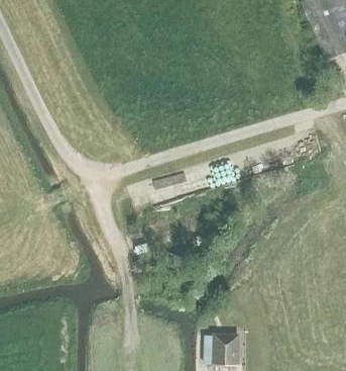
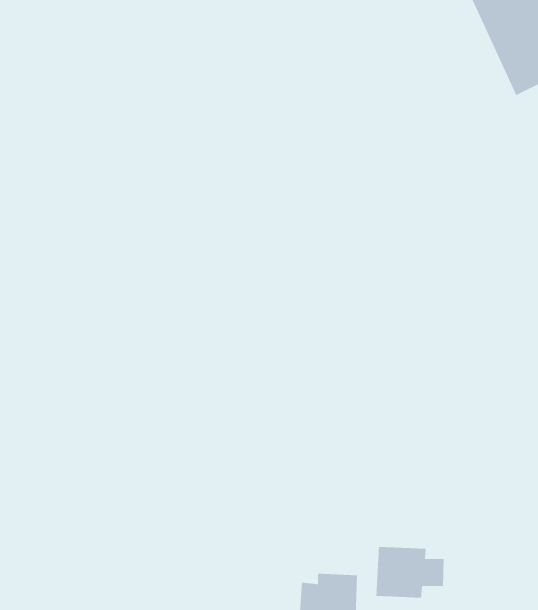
building: none -> [376,546,444,598]

